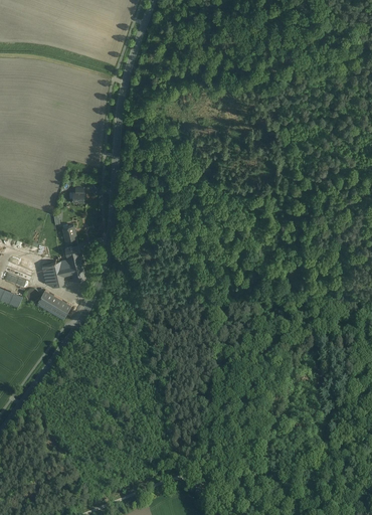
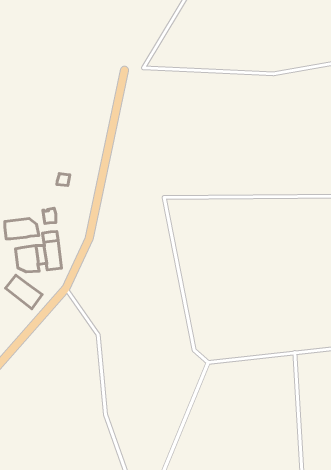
building: none -> [5,218,39,239]

